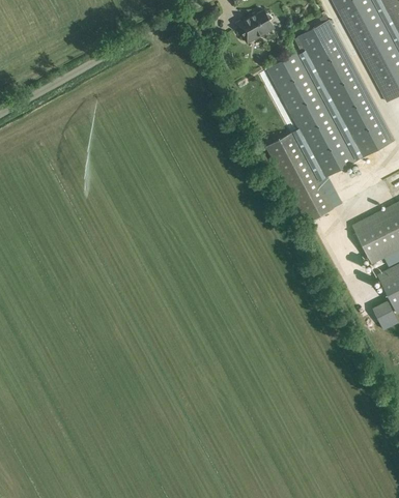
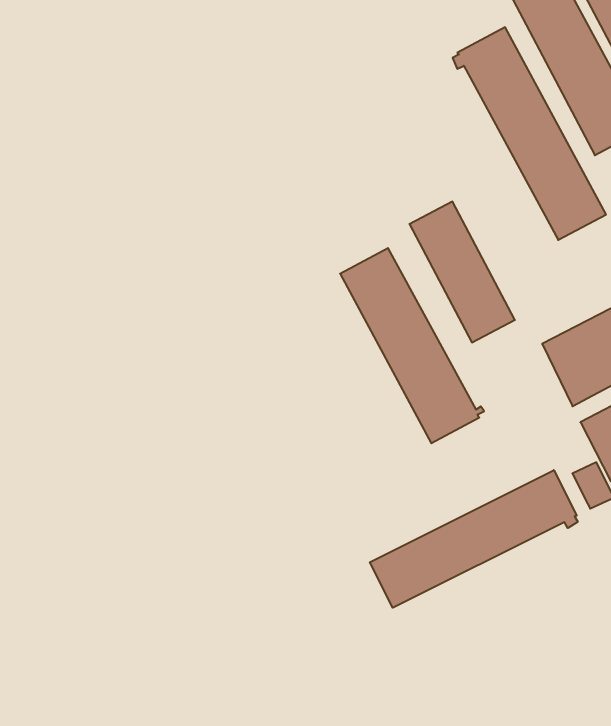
building: [236,11,274,43] -> none
building: [266,53,360,179] -> [340,248,484,443]
building: none -> [370,470,578,608]

